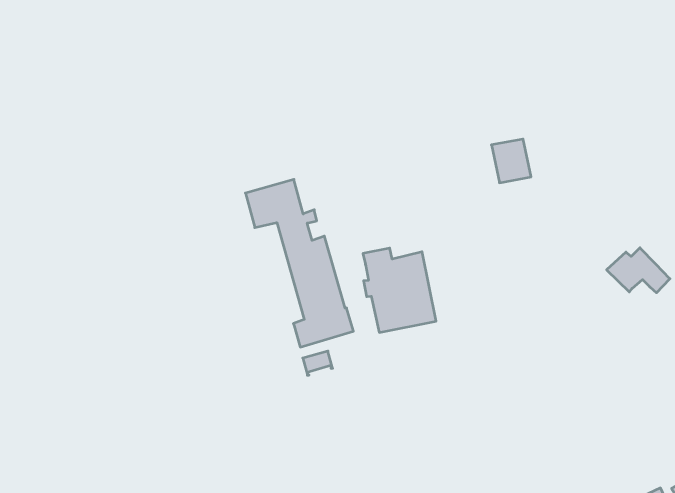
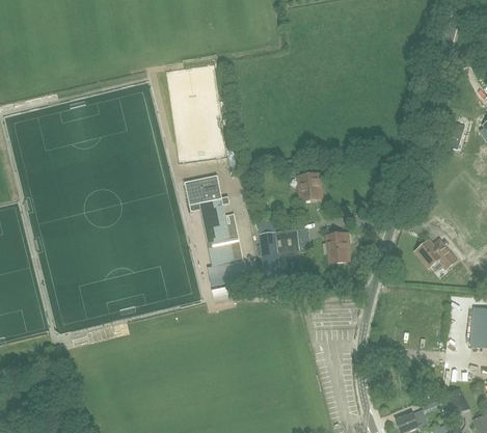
building: [491,139,531,183] -> [297,173,321,200]
building: none -> [326,233,348,263]

